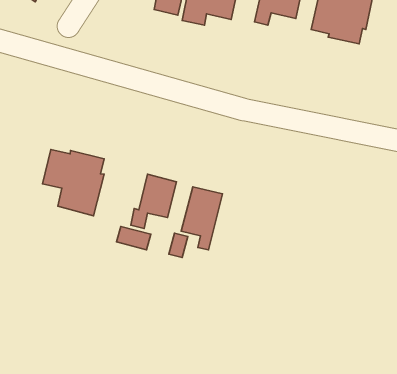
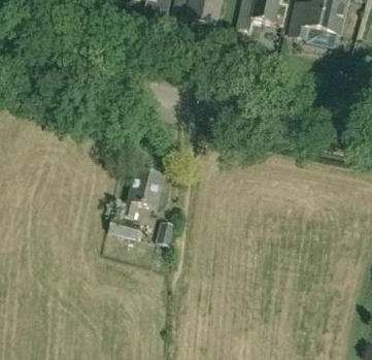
building: [42,150,104,216] -> none
building: [181,187,222,250] -> none

